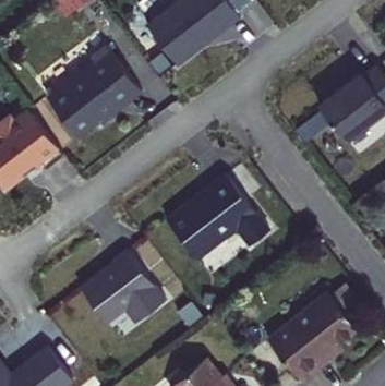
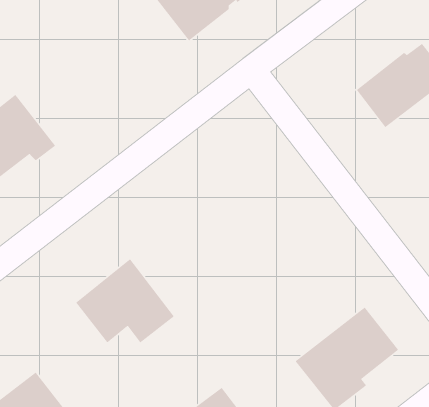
building: [48,46,143,137] -> none
building: [167,174,269,260] -> none

